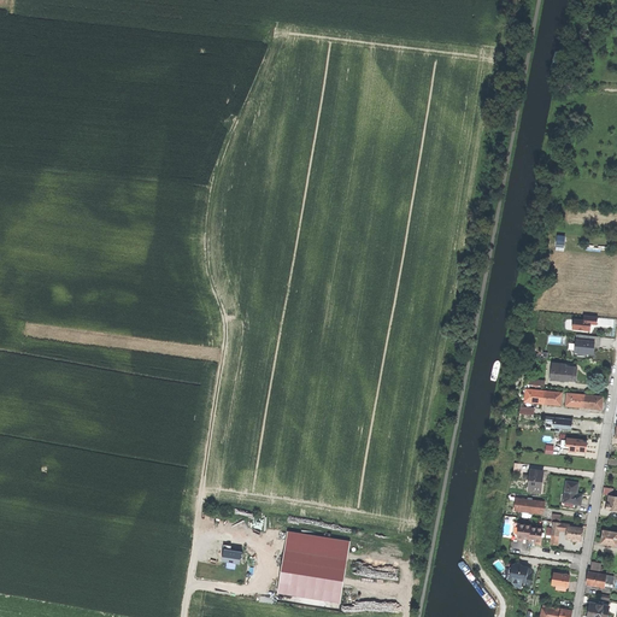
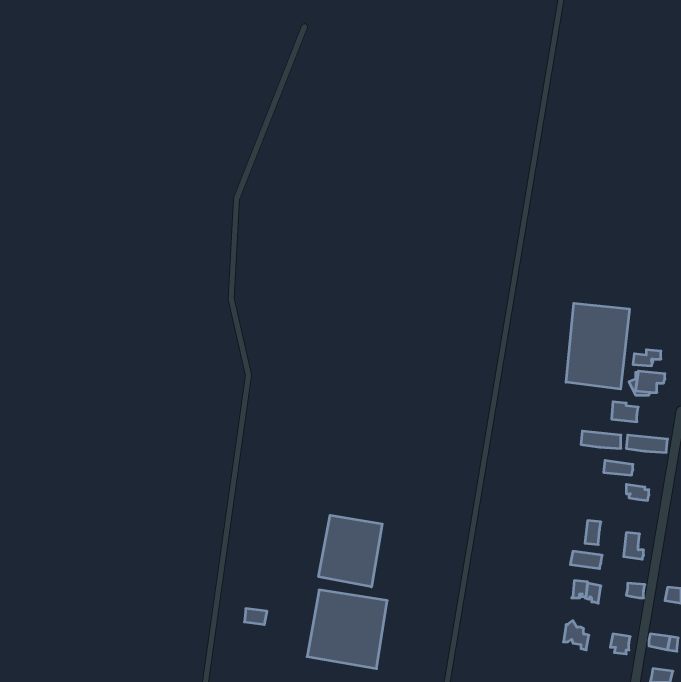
building: none -> [566,303,629,389]
building: none -> [319,515,382,587]

